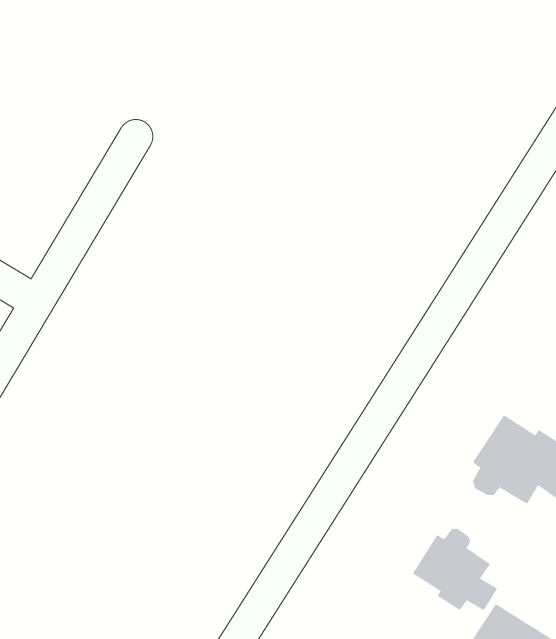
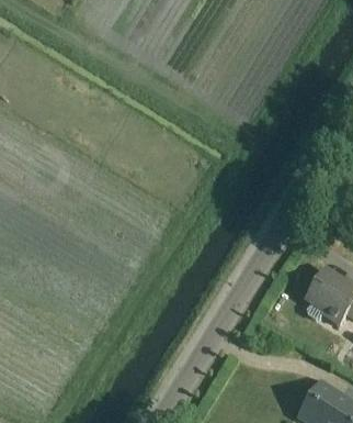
building: [412,528,498,611] -> none

